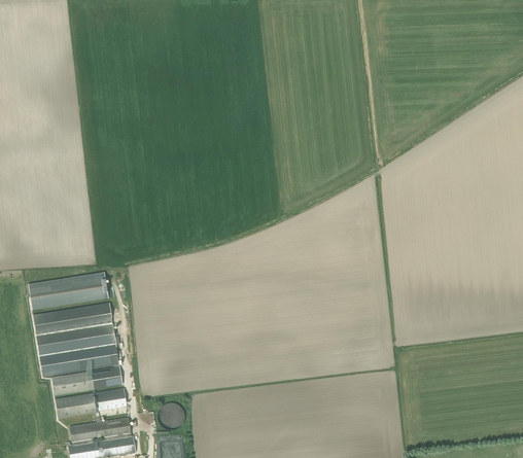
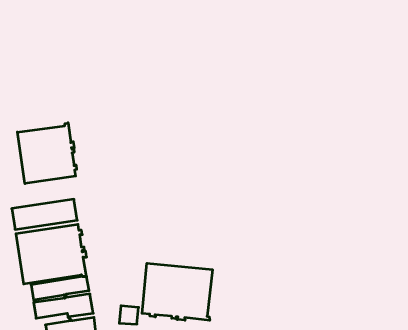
building: none -> [17,123,77,184]
building: none -> [142,263,212,320]

